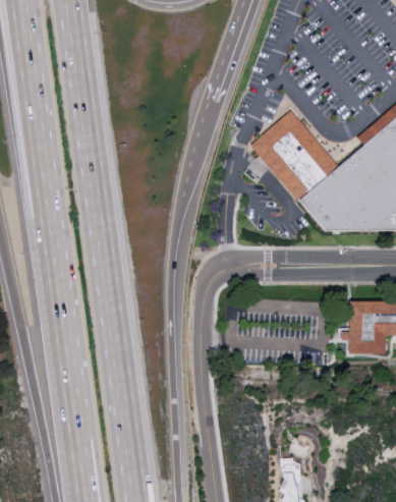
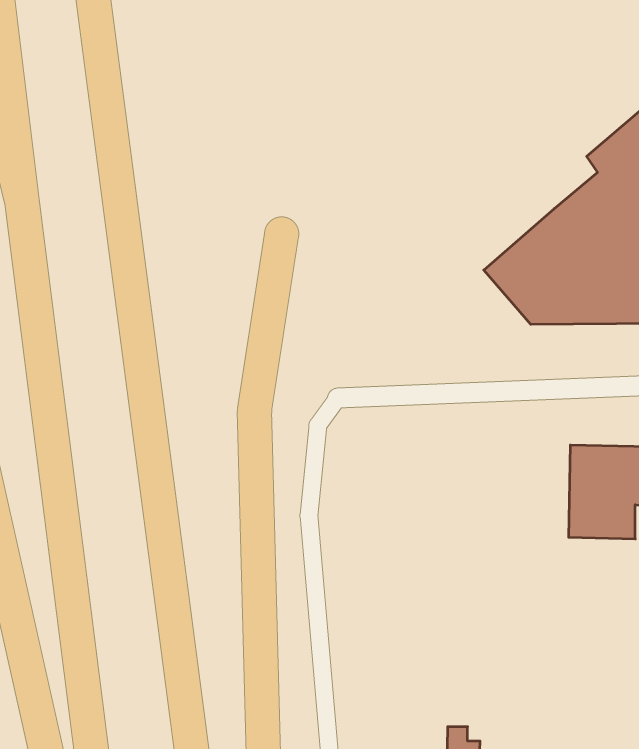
building: [252,109,341,204] -> none

